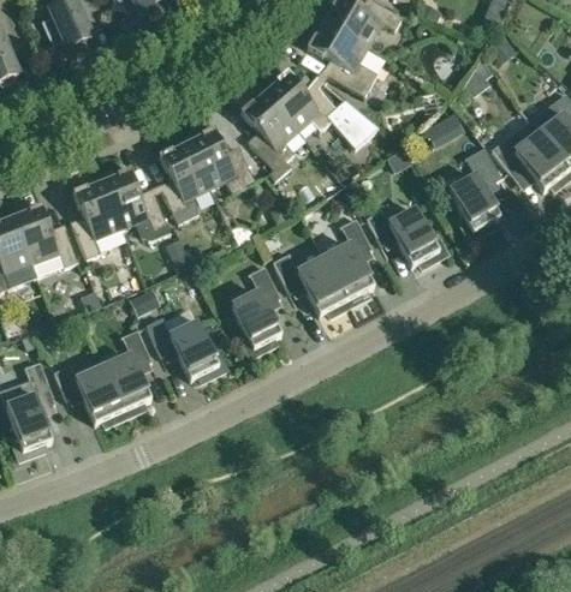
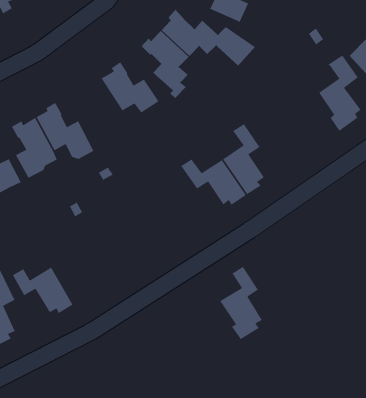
building: [157,142,208,217] -> none
building: [365,205,446,264] -> none
building: [230,263,280,353] -> [219,266,263,340]
building: [144,304,226,378] -> none
building: [102,327,150,413] -> none

